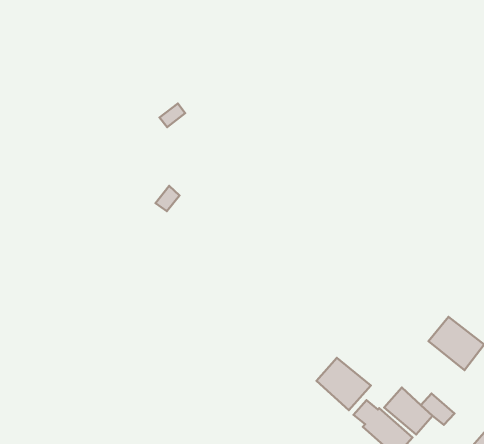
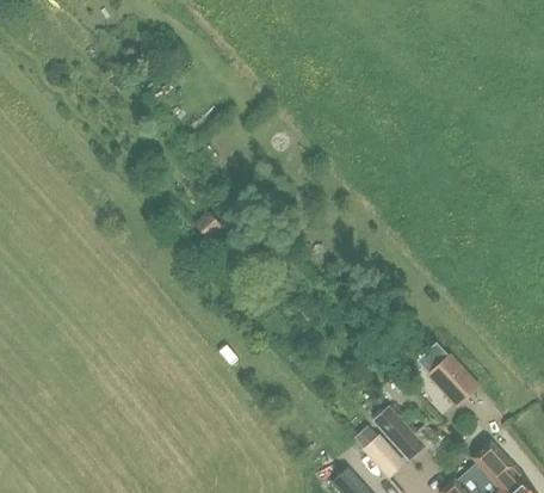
building: [316,358,371,410] -> none

